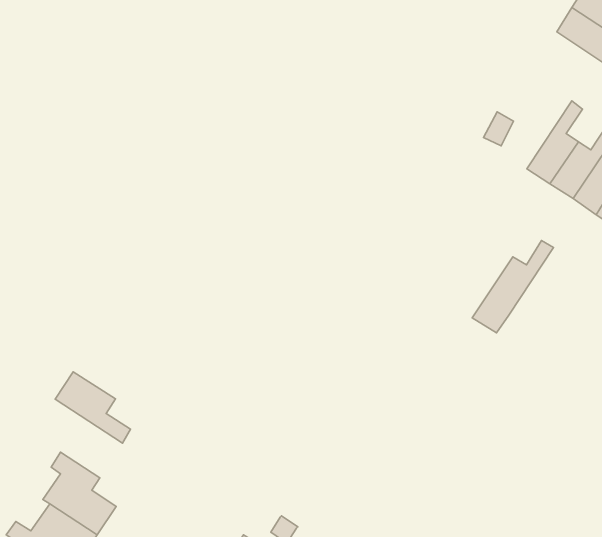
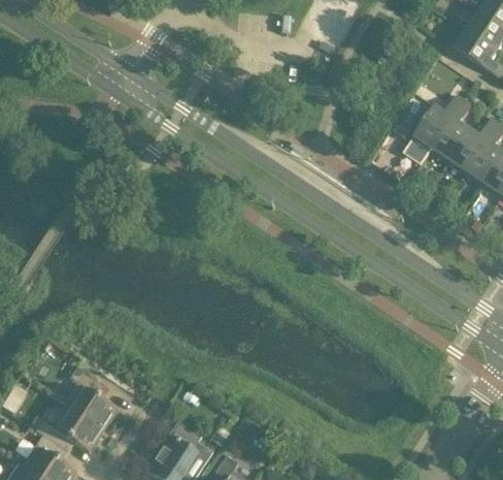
building: [472,241,554,333] -> [405,94,467,164]
building: [55,372,131,443] -> none

